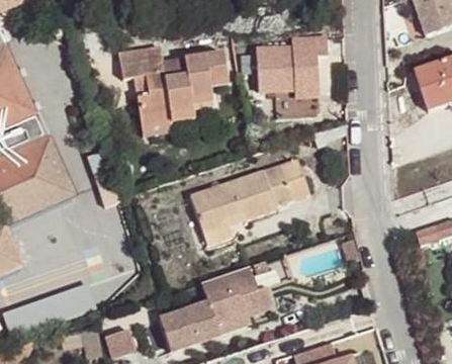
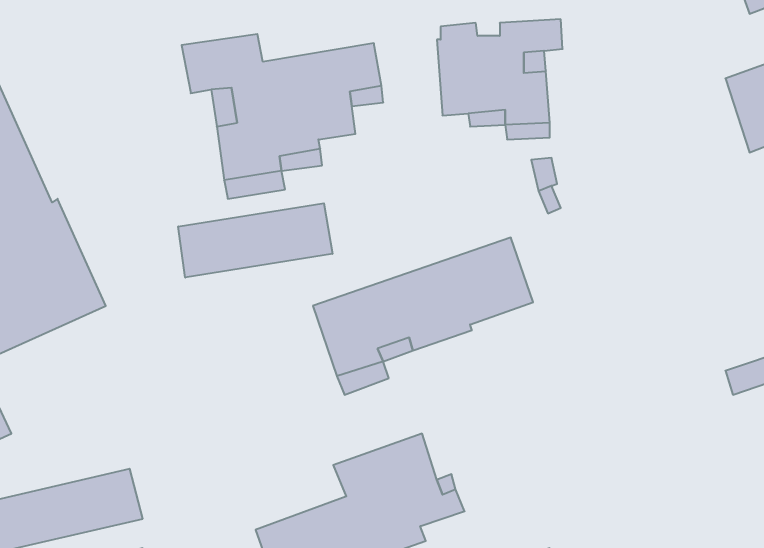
building: none -> [178,203,332,278]

